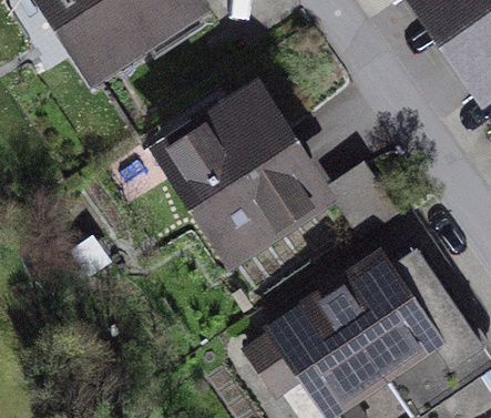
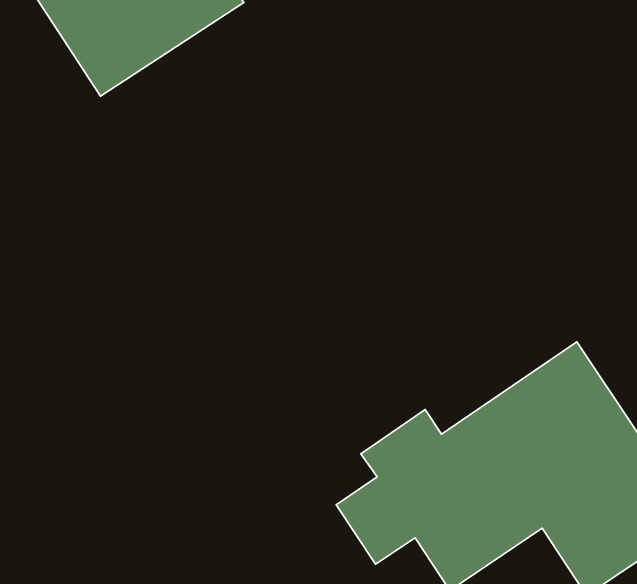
building: [162,103,314,256] -> none

